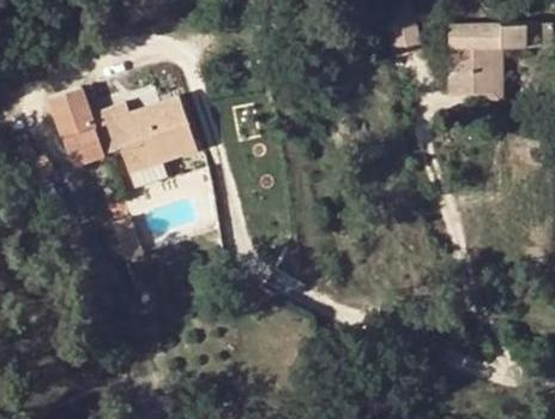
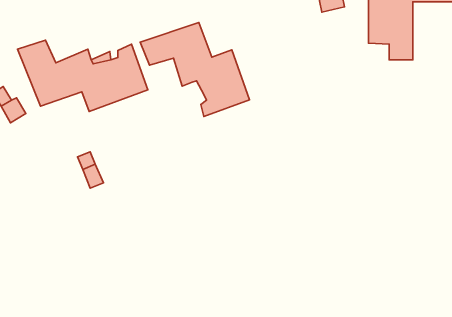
building: none -> [140,23,250,117]

